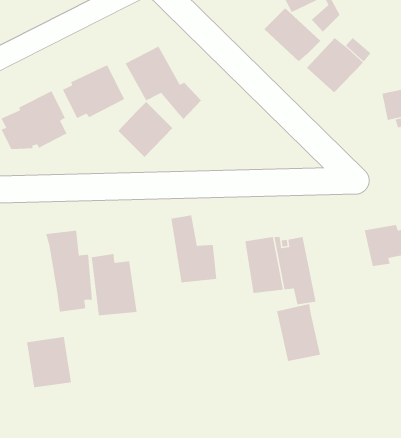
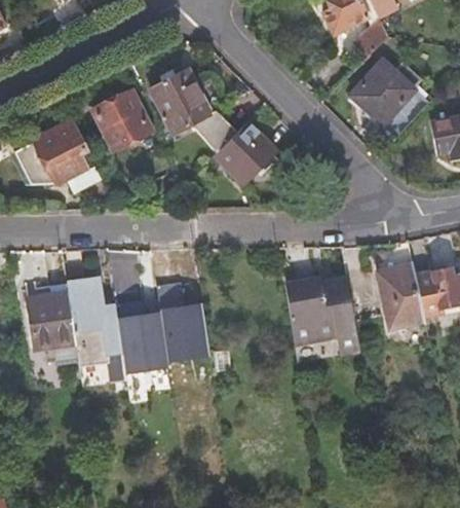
building: [263,7,321,62] -> none
building: [117,101,173,158] -> [215,121,276,184]
building: [170,214,217,283] -> [155,282,206,358]
building: [276,303,321,362] -> [376,263,425,328]
building: [26,336,72,388] -> [26,293,76,351]

